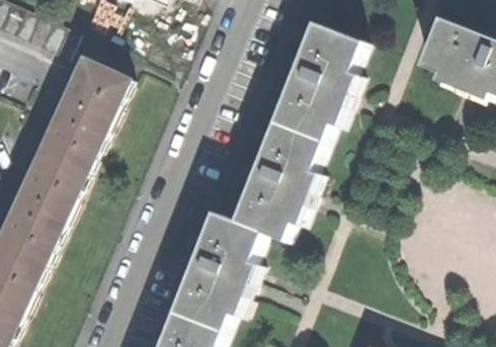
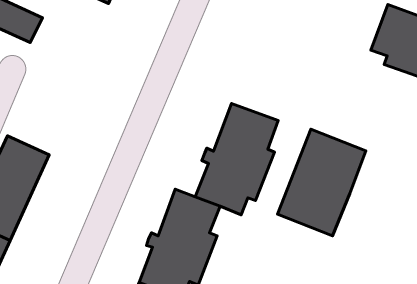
building: [272,22,360,140] -> none
building: [34,61,121,176] -> none
building: none -> [277,129,366,236]

